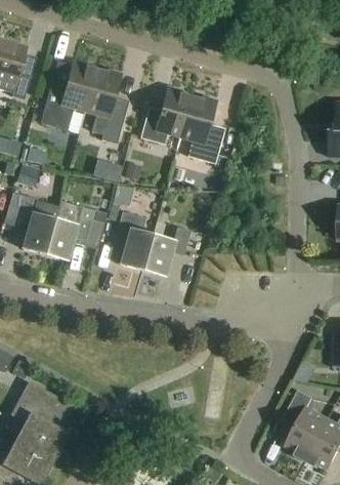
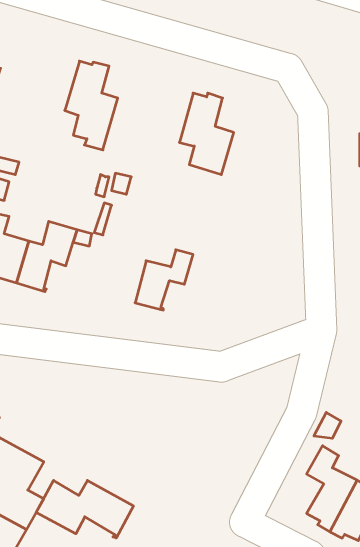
building: [41,59,97,126] -> none
building: [141,86,192,144] -> none
building: [116,210,153,270] -> none
building: none -> [36,480,133,538]

